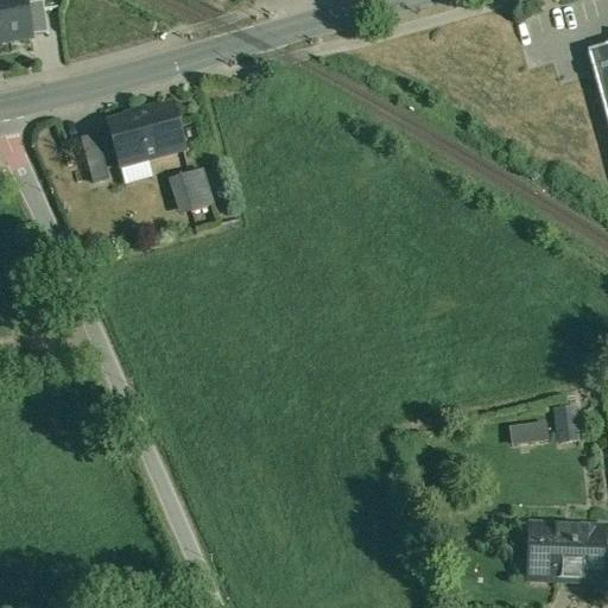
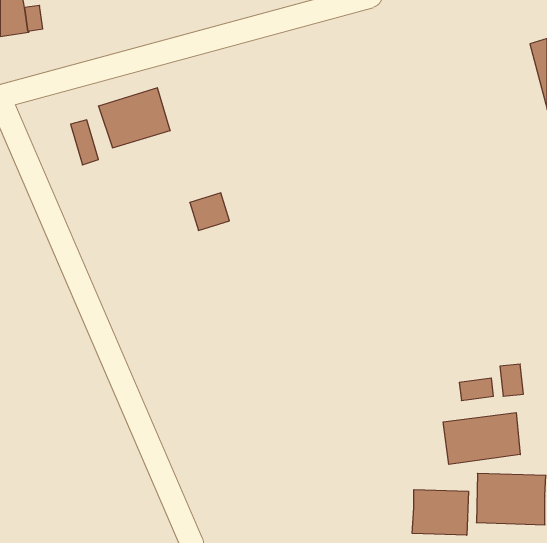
building: [170,170,214,211] -> [190,193,229,230]
building: none -> [443,413,520,464]
building: none -> [412,490,468,535]

